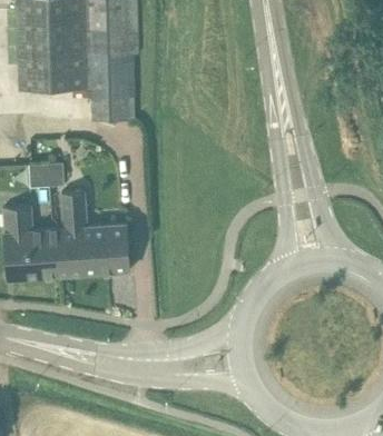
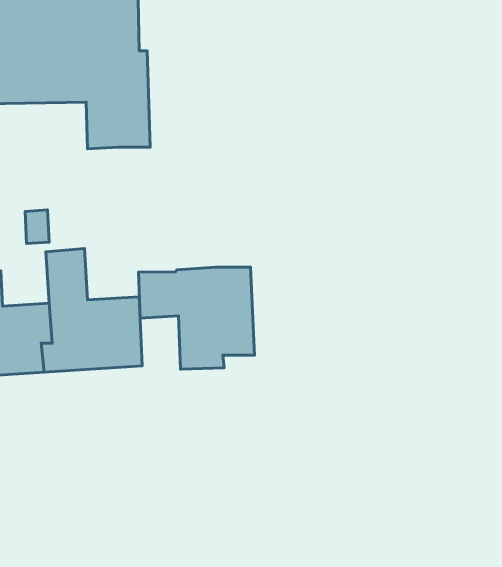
building: none -> [139,267,254,369]

